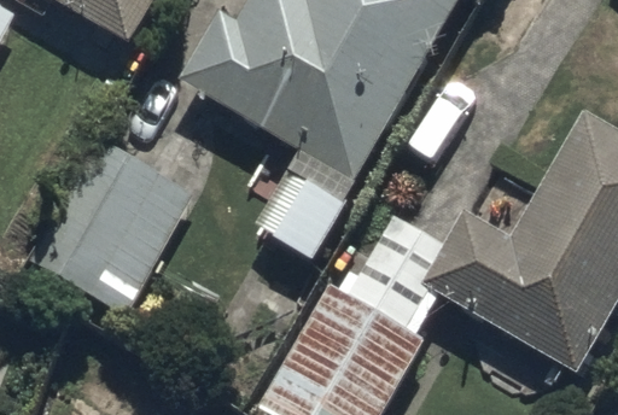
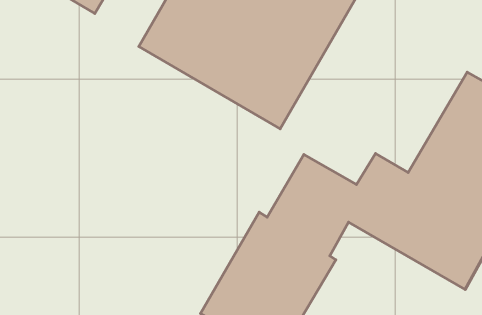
building: [33,138,194,310] -> none

